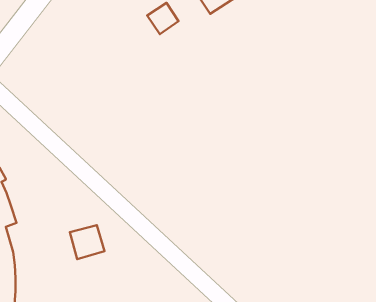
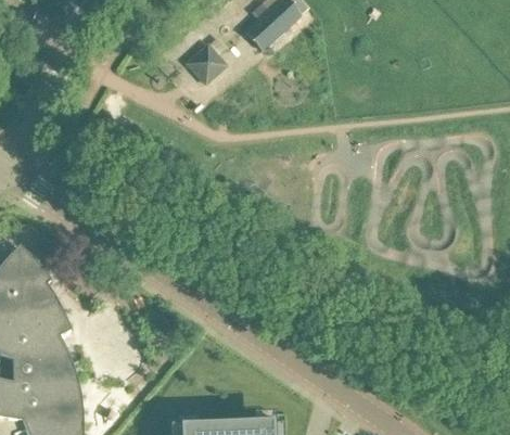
building: [70,225,105,259] -> none

